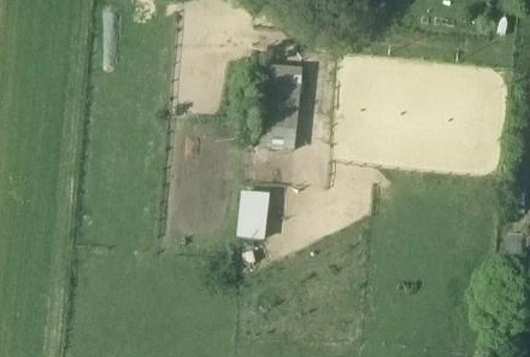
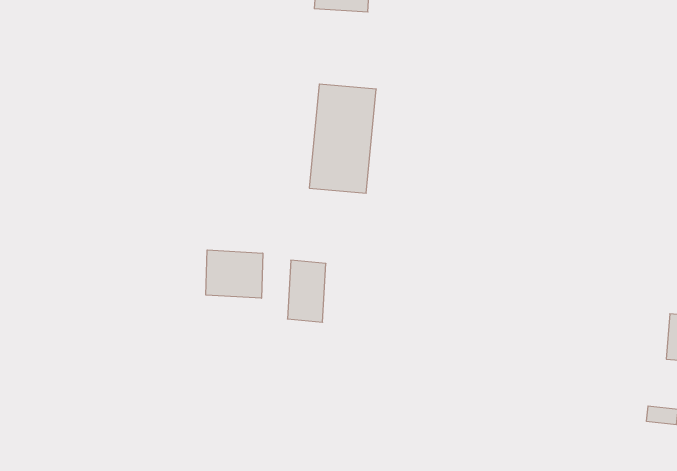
building: none -> [206,250,263,298]

